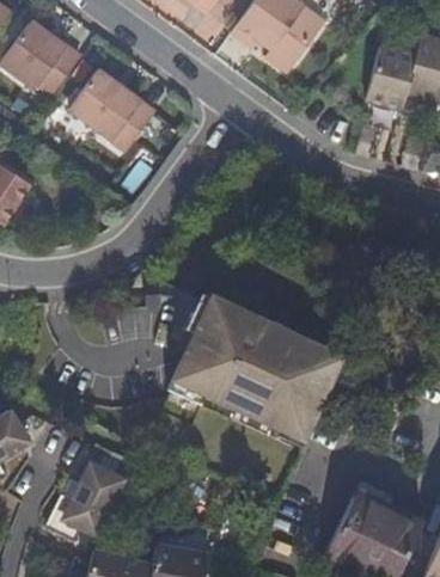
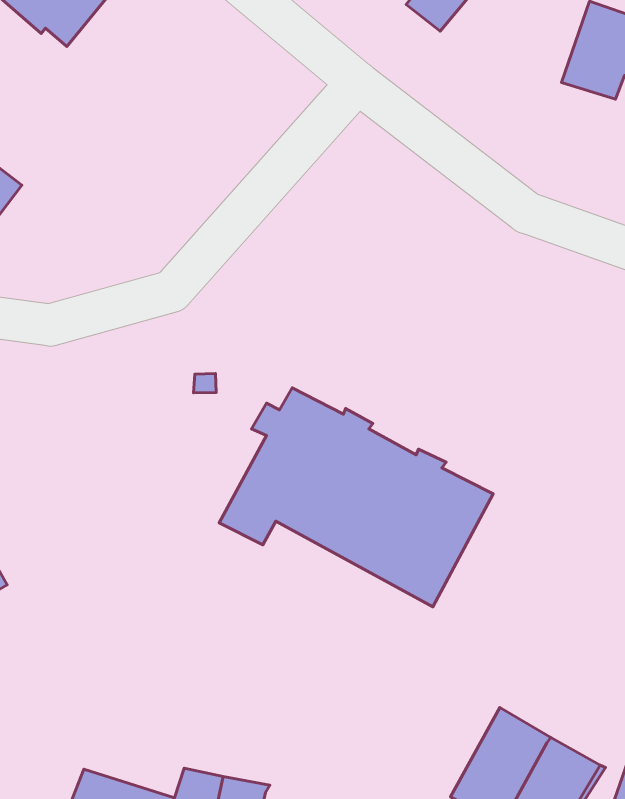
building: [68,70,154,151] -> none
building: [43,460,127,538] -> none

